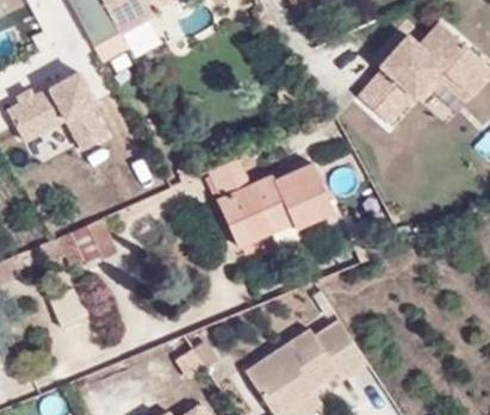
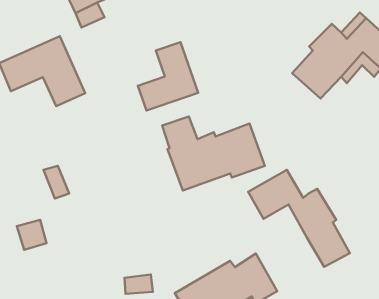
building: none -> [138,42,198,111]
building: none -> [248,170,350,267]

